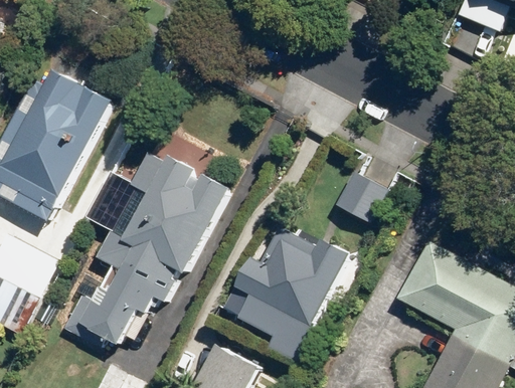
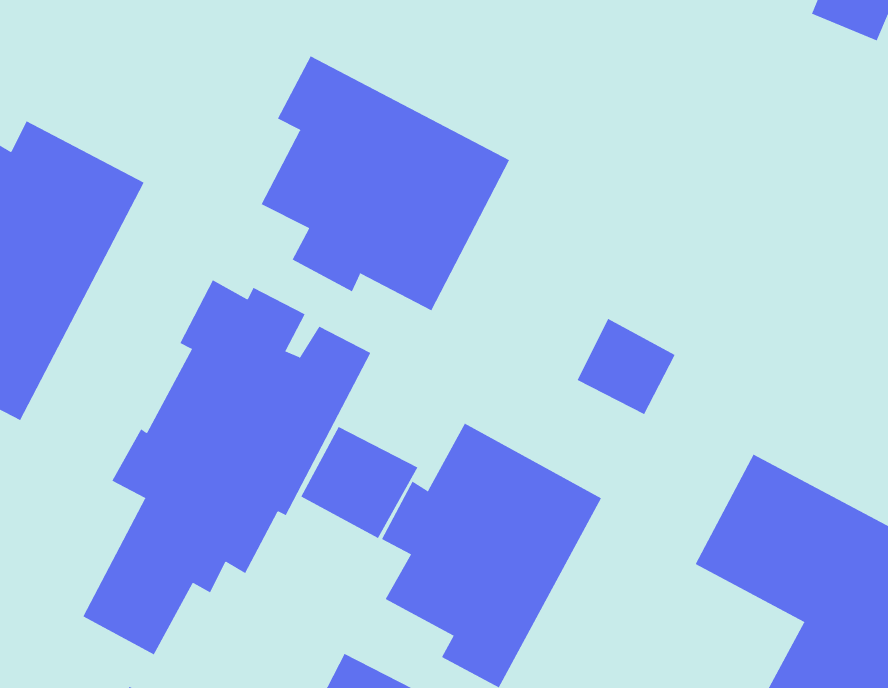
building: none -> [261,56,510,311]
building: none -> [300,426,418,539]

